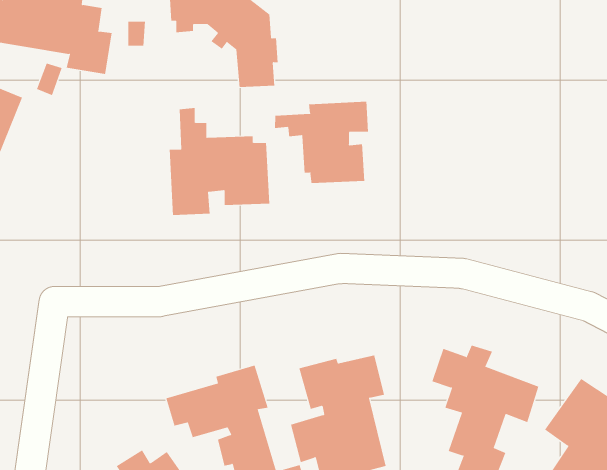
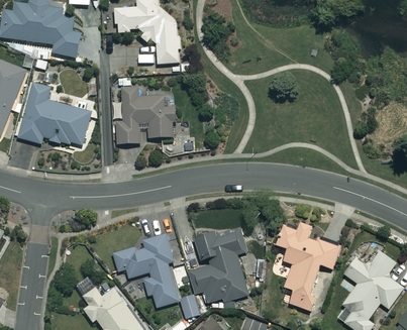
building: [275,101,369,184] -> none
building: none -> [17,82,90,144]

